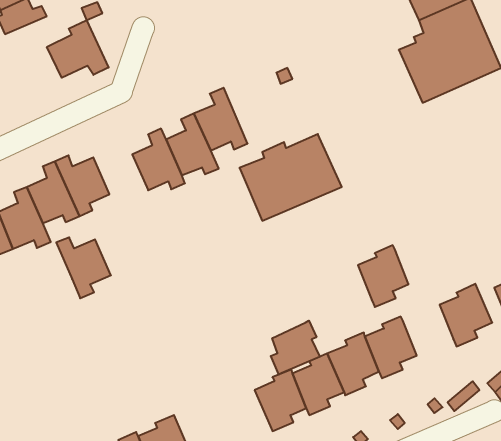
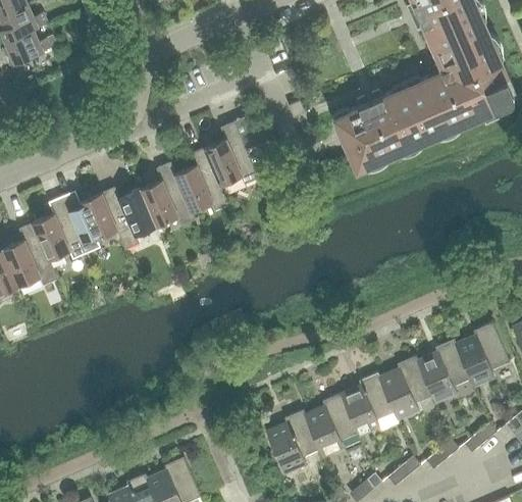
building: [47,20,109,78] -> none
building: [239,134,342,221] -> [332,83,437,171]
building: [56,237,111,298] -> [100,188,156,250]
building: [358,245,409,307] -> [417,340,469,403]
building: [271,321,320,375] -> none

